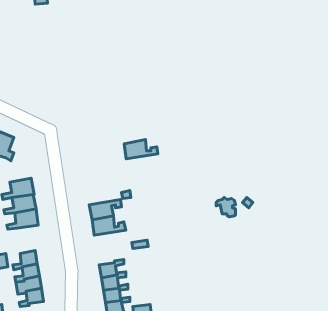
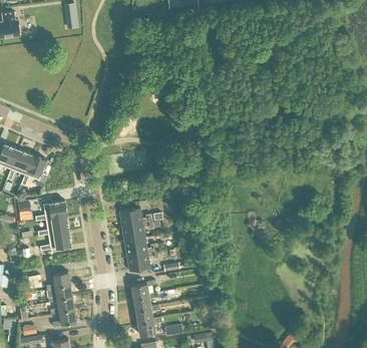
building: [124,140,158,159] -> [118,207,151,226]
building: none -> [125,251,157,271]

